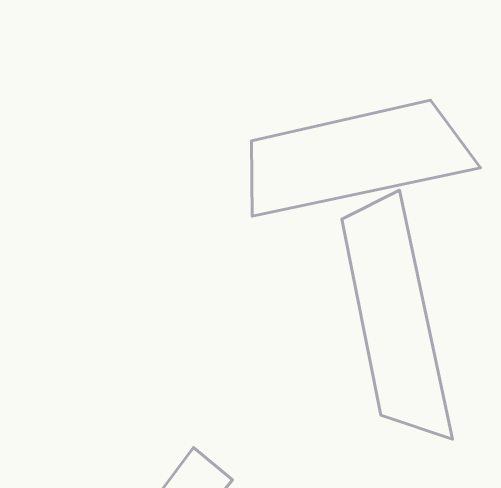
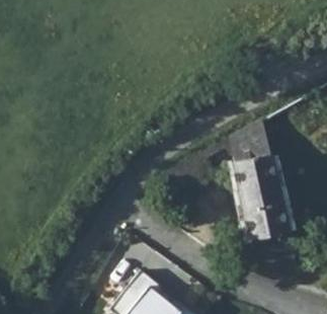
building: [252,100,481,216] -> none

